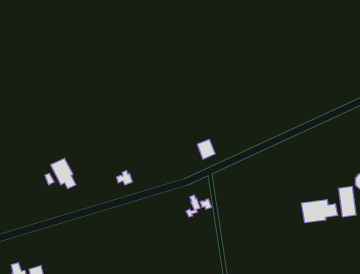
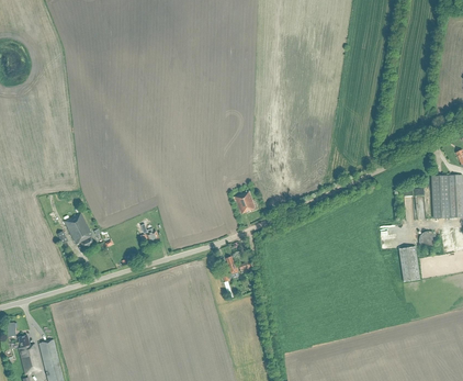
building: [301,199,338,223] -> none

